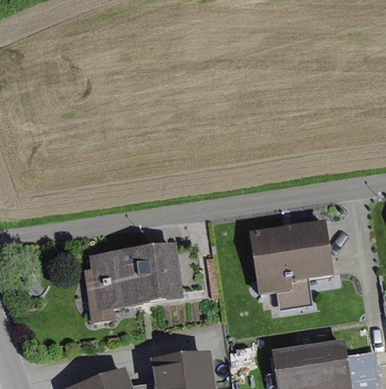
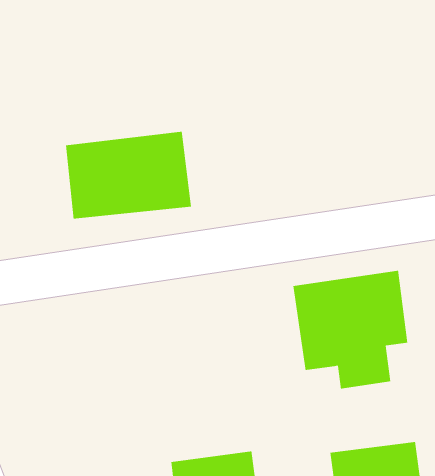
building: [86,243,177,306] -> [65,131,192,219]

